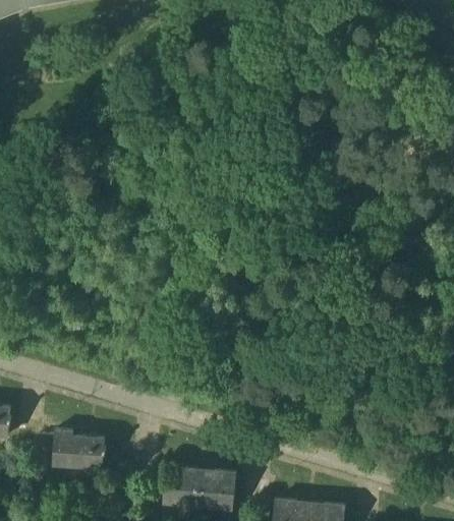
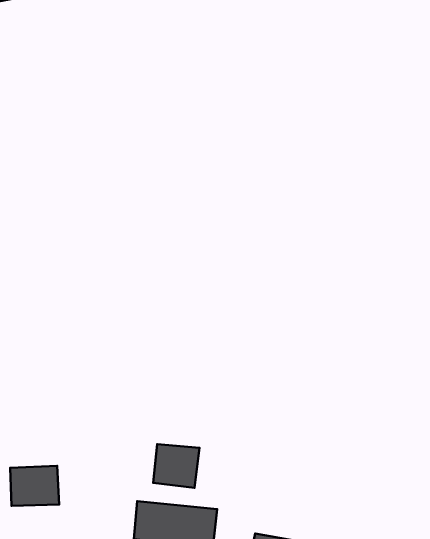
building: none -> [153,444,199,488]

